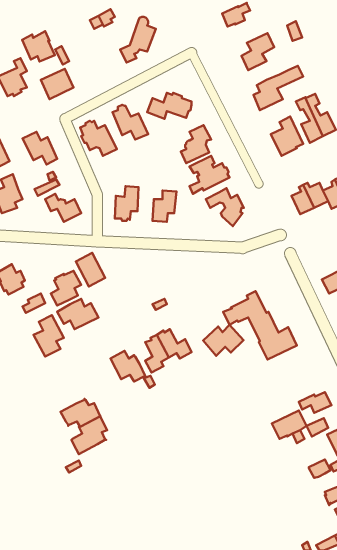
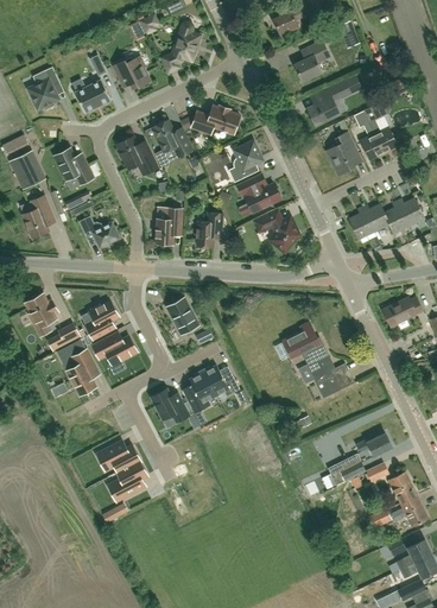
building: [22,31,55,62] -> [113,56,148,89]
building: [76,253,105,286] -> [165,297,197,334]
building: [203,325,244,356] -> none

